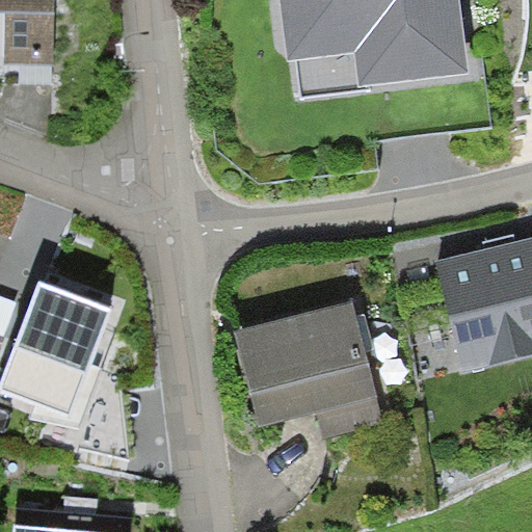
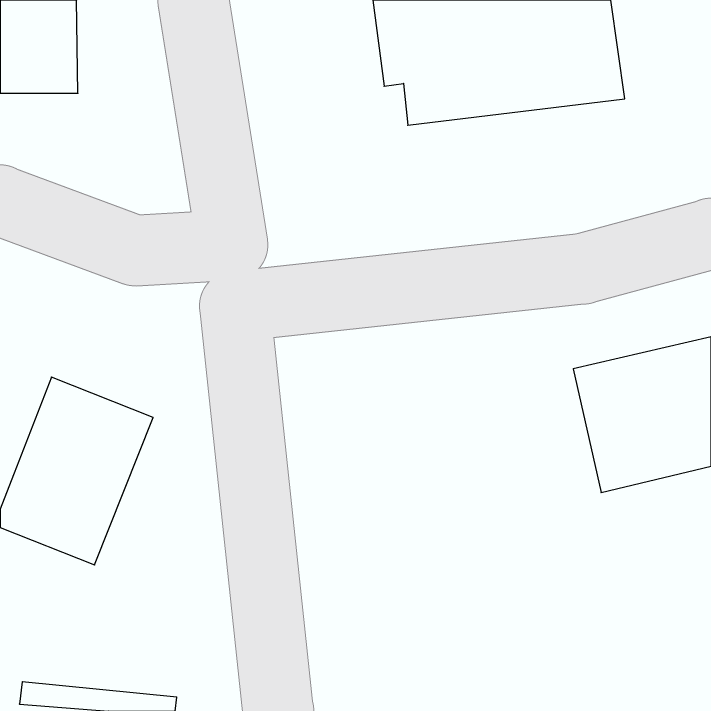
building: [240,301,382,434] -> none

